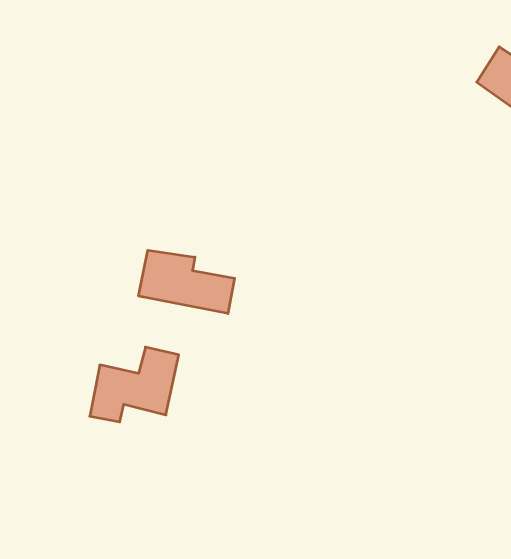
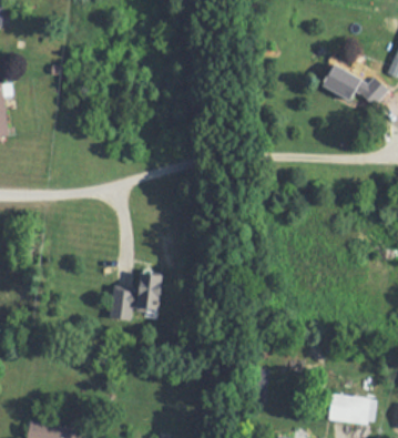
building: [139,250,235,314] -> none

